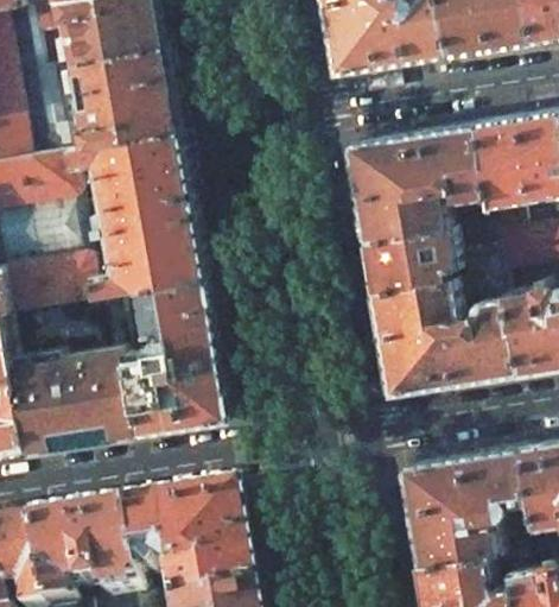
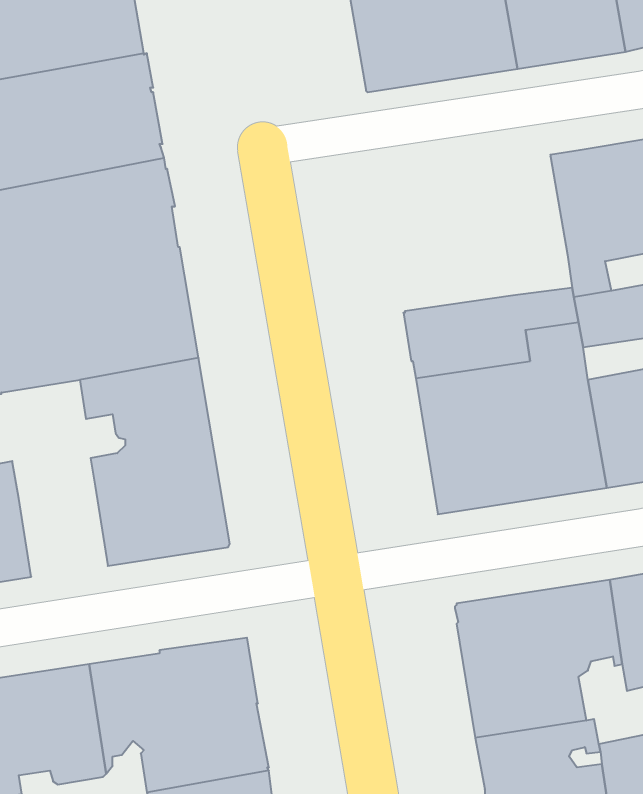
building: [342,121,483,239] -> none
building: [62,343,134,442] -> none

